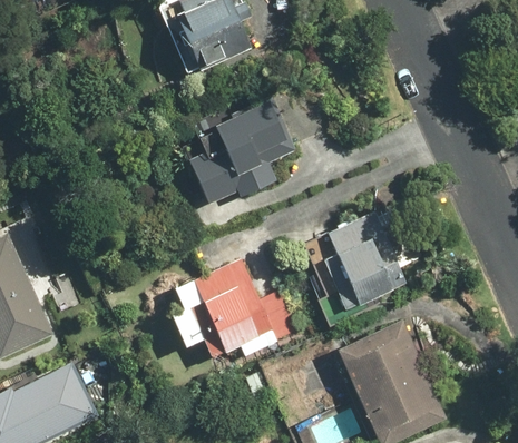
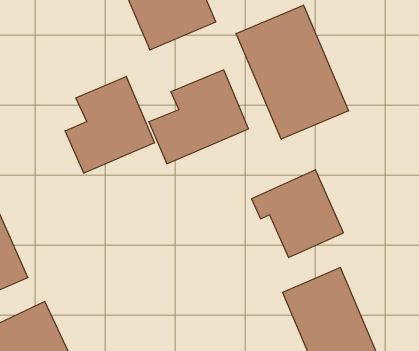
building: none -> [236,5,349,139]
building: none -> [65,76,155,173]
building: [169,257,275,363] -> none

